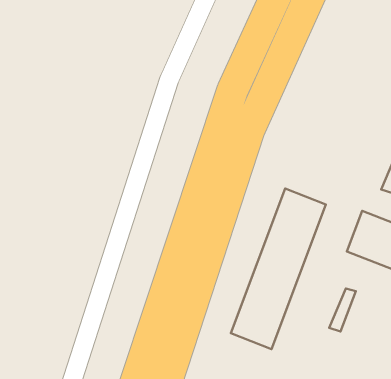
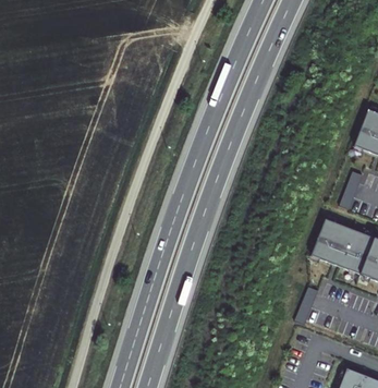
building: [231,189,326,349] -> none

